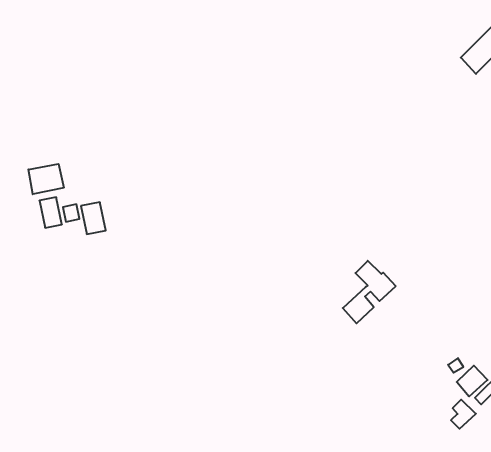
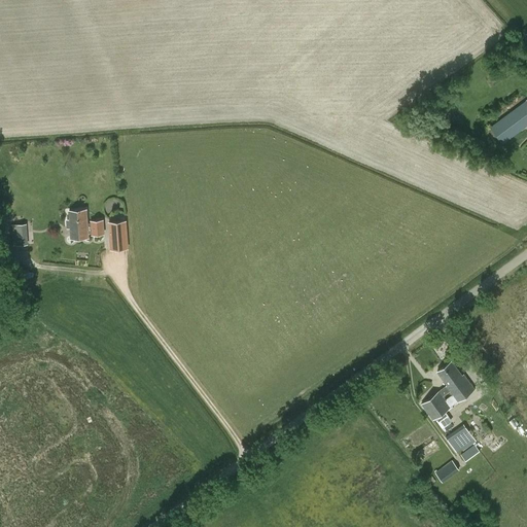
building: [28,164,64,194] -> none
building: [343,261,396,323] -> [421,362,475,421]

